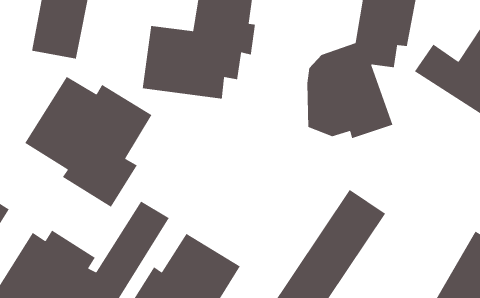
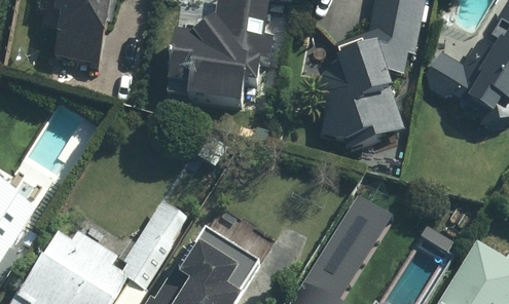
building: [24,76,152,208] -> none

